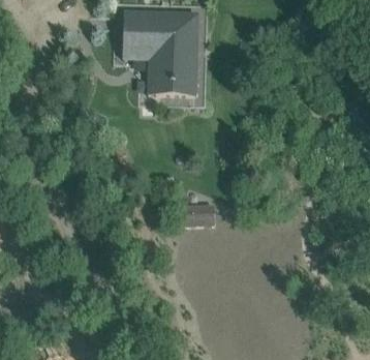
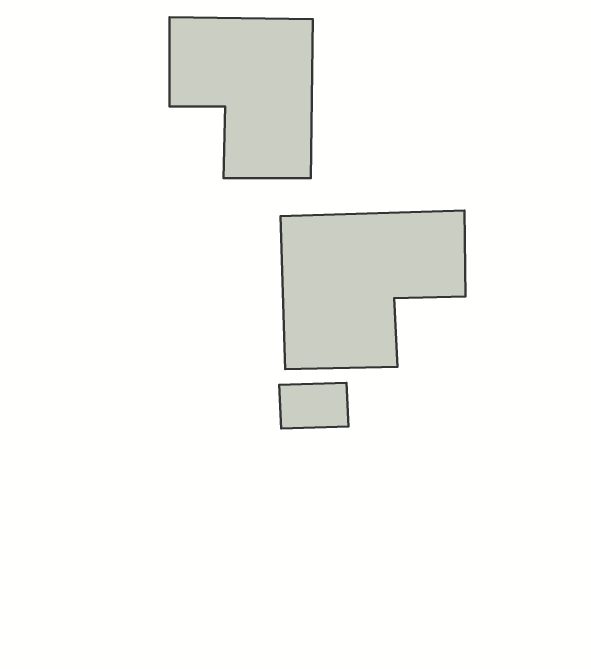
building: none -> [281,210,466,369]

